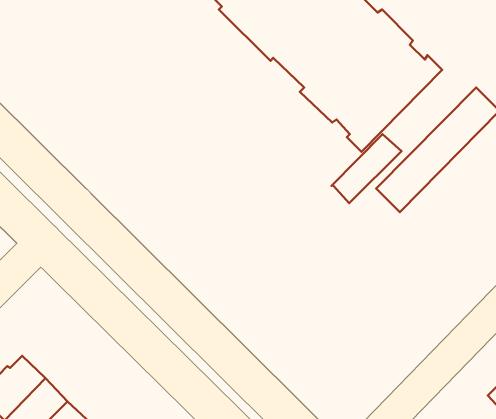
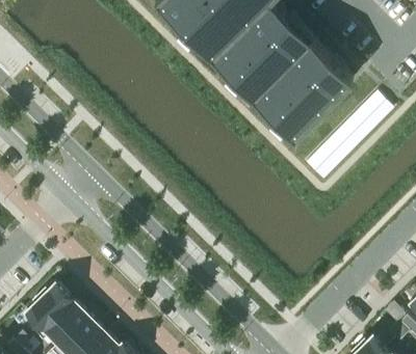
building: [332,134,402,203] -> none

